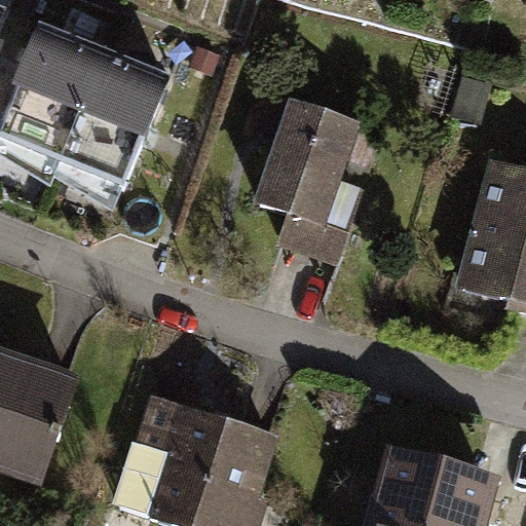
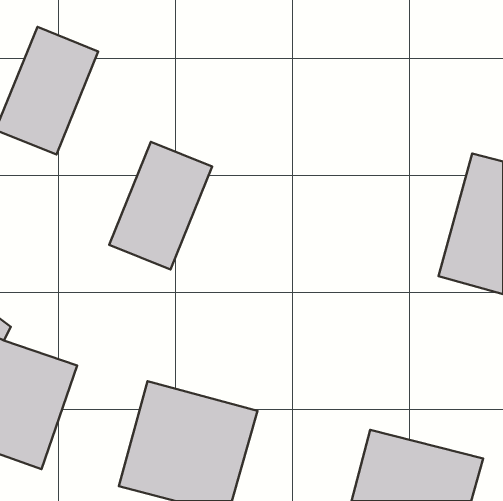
building: [59,53,165,186] -> [109,142,212,270]
building: [256,102,366,273] -> none

